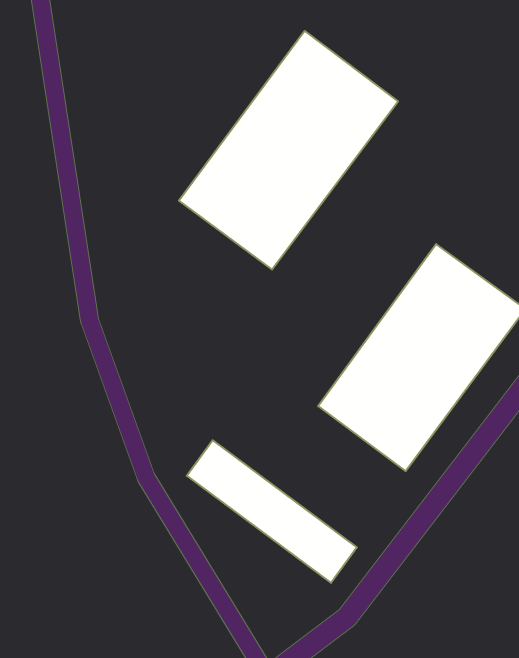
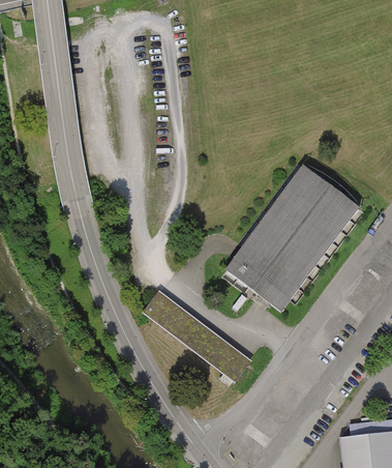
building: [179,31,398,270] -> none

